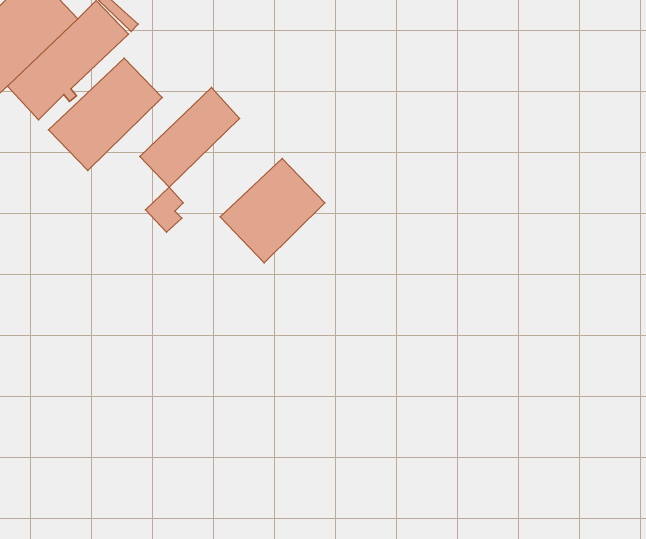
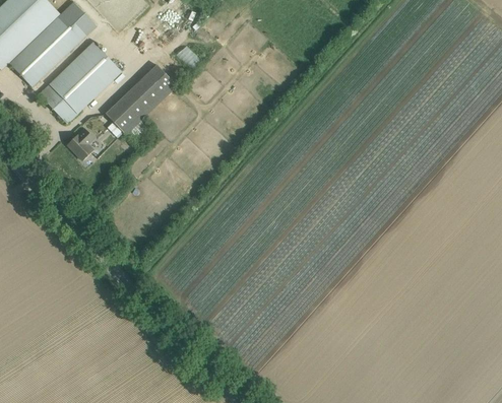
building: [220,159,325,263] -> none
building: [145,187,183,232] -> [66,128,93,160]

